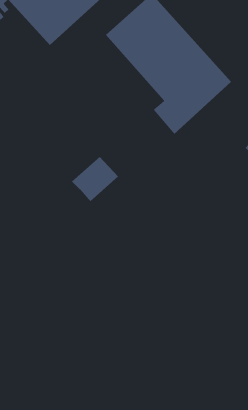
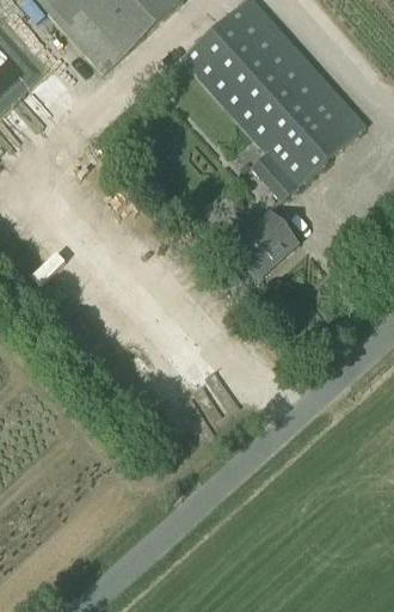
building: [71,156,119,202] -> [228,213,297,280]

